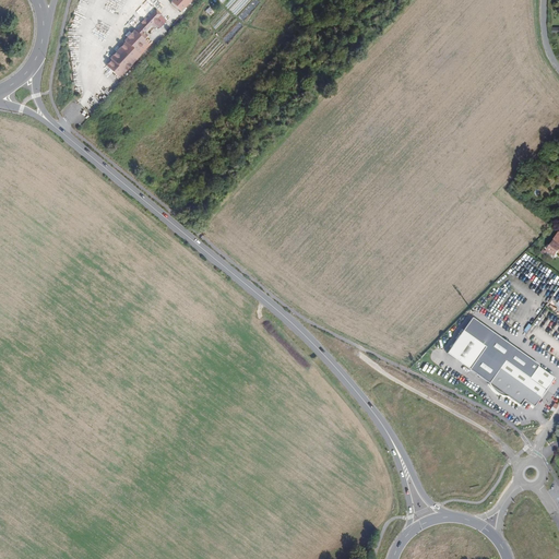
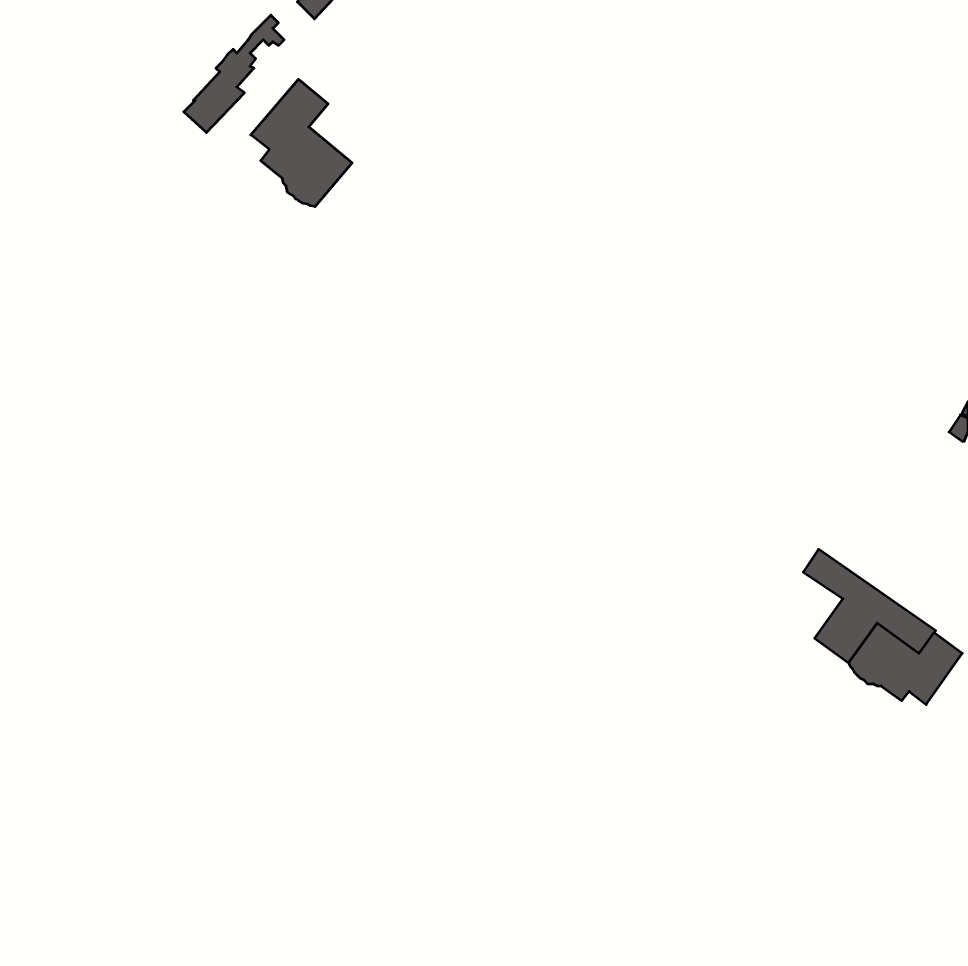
building: none -> [251,79,352,207]
building: [447,330,486,368] -> none

